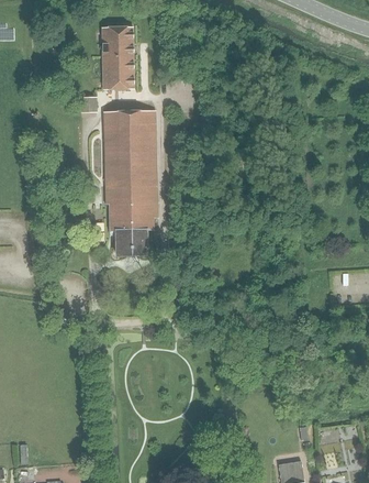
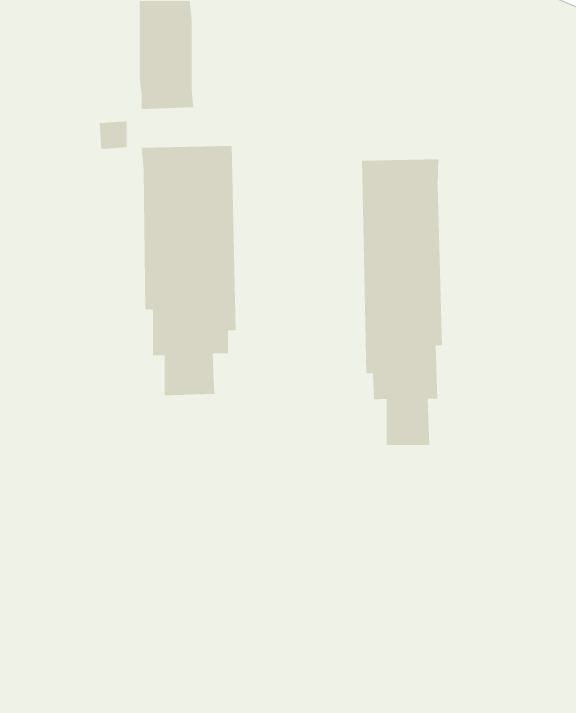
building: none -> [361,159,443,446]

